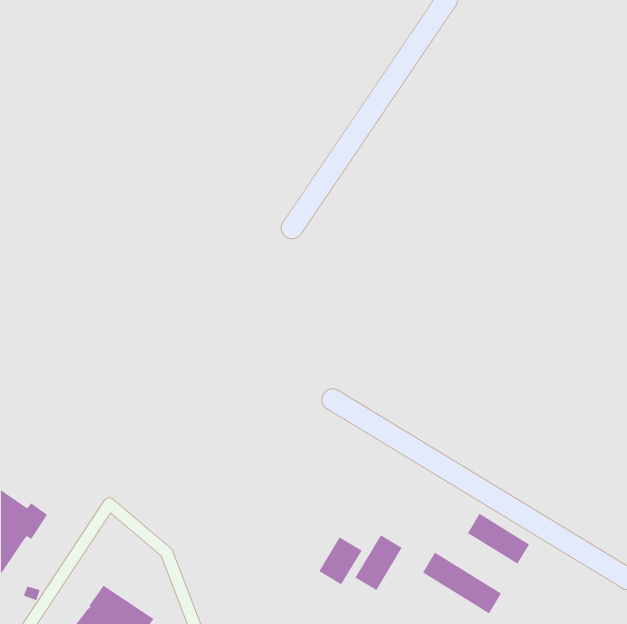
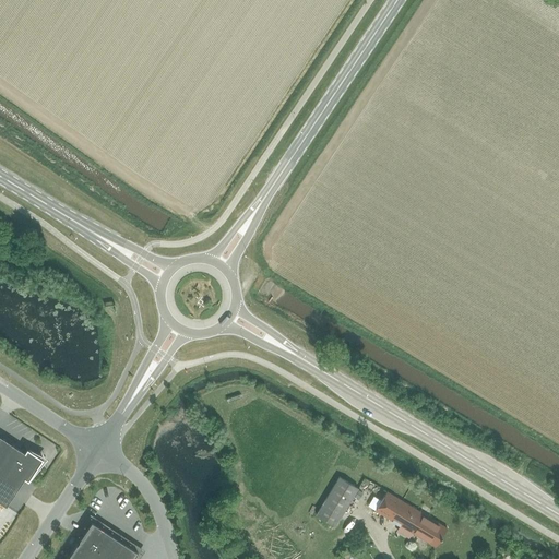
building: [467,513,530,565] -> none
building: [318,536,362,585] -> none

